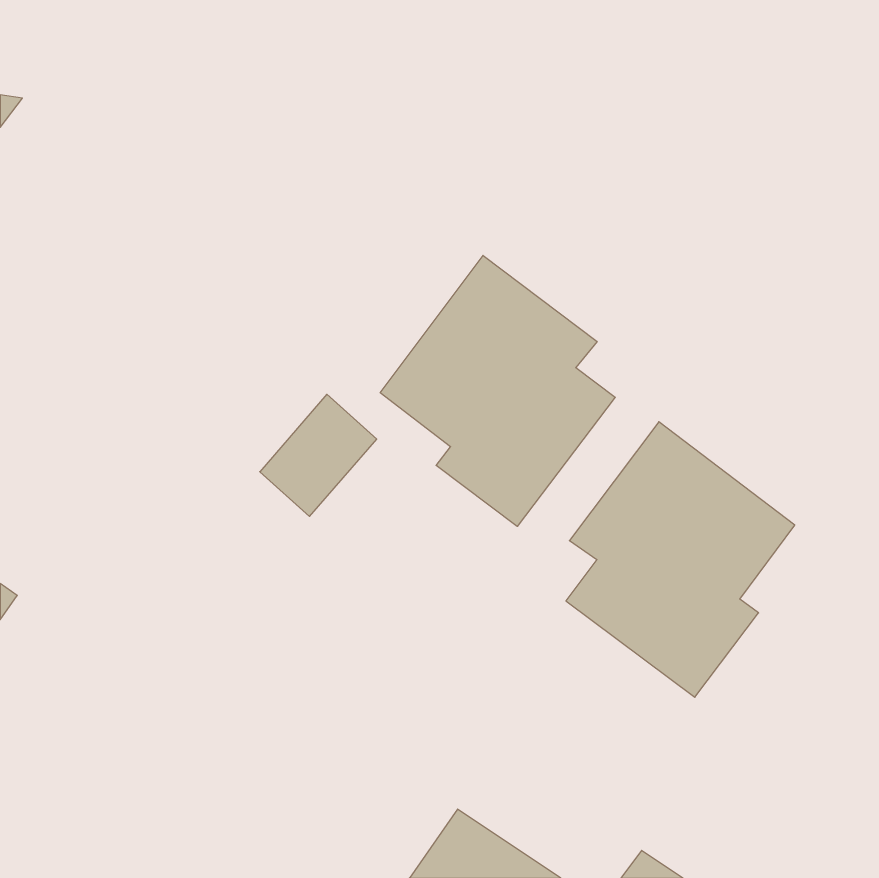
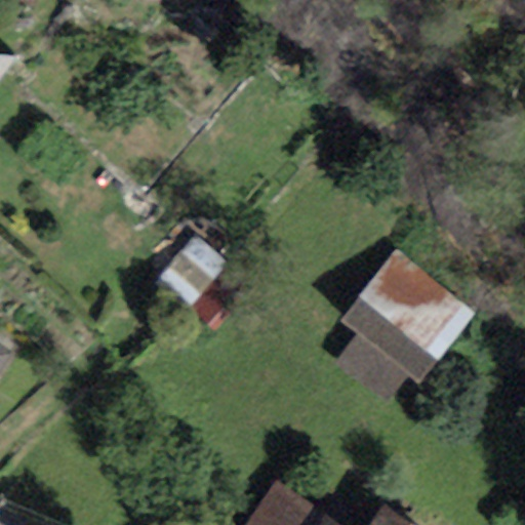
building: [380,255,615,526] -> none

